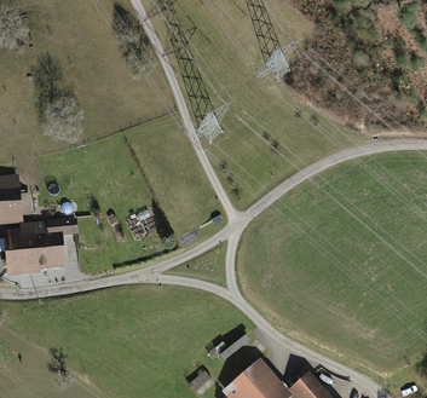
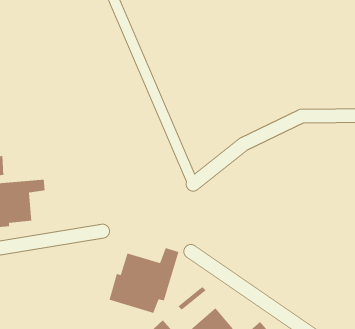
building: none -> [108,247,179,314]

